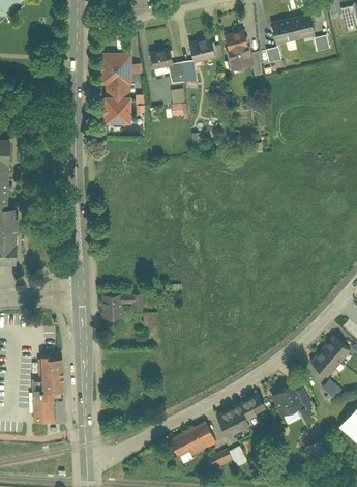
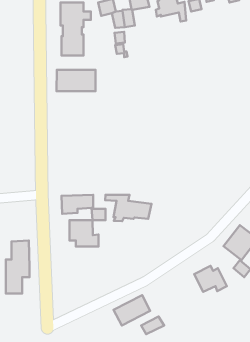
building: none -> [57,70,96,91]
building: none -> [105,195,151,221]
building: none -> [69,220,99,246]
building: [215,395,264,435] -> none

